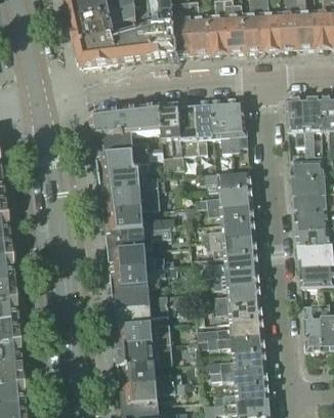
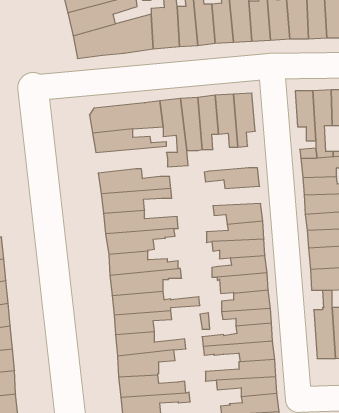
building: [96,151,163,176] -> none
building: [197,189,252,208] -> none

